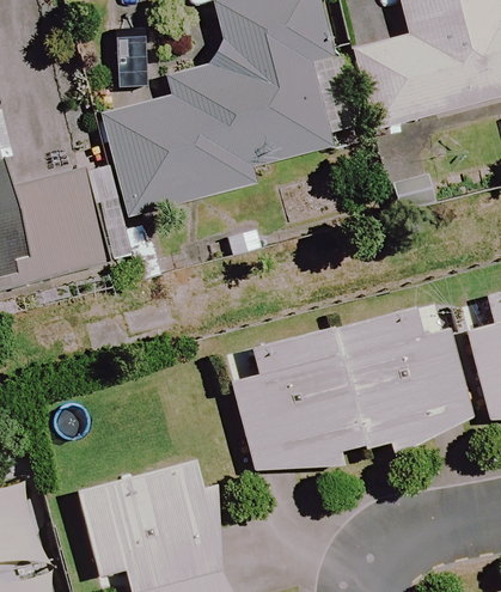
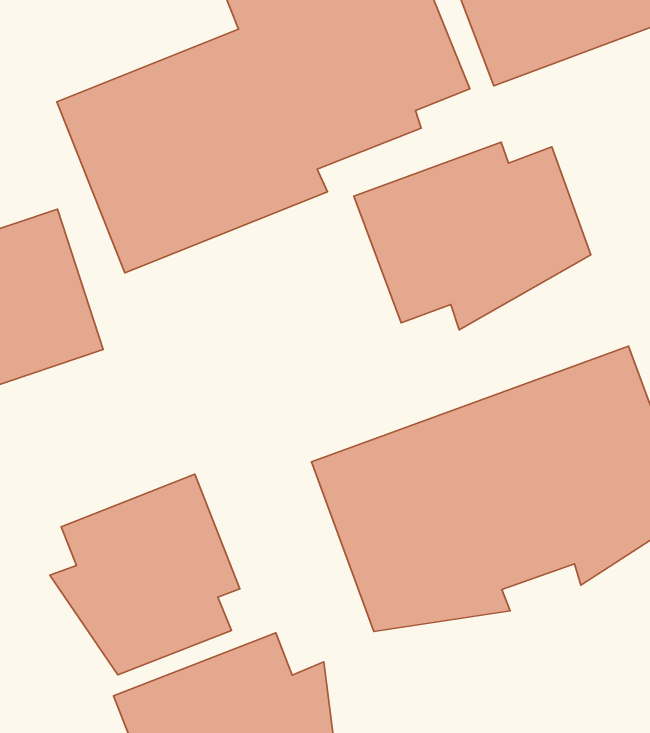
building: none -> [354,142,591,330]
building: none -> [50,474,240,675]

